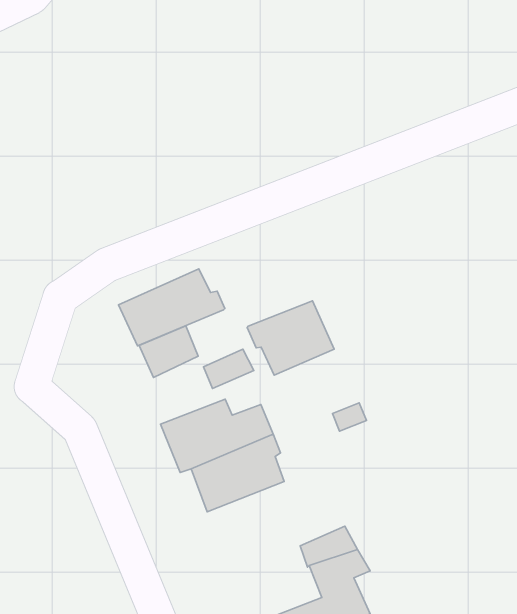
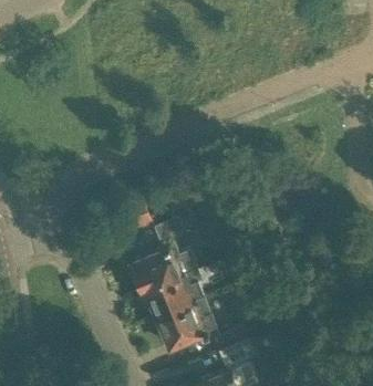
building: [118,269,225,346] -> none
building: [247,301,334,375] -> none
building: none -> [159,300,219,348]

